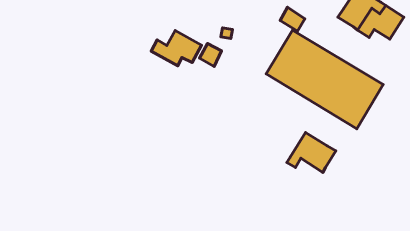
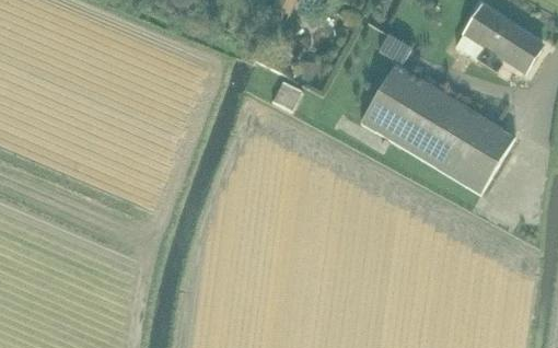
building: [151,31,202,66] -> none
building: [287,132,336,172] -> none

